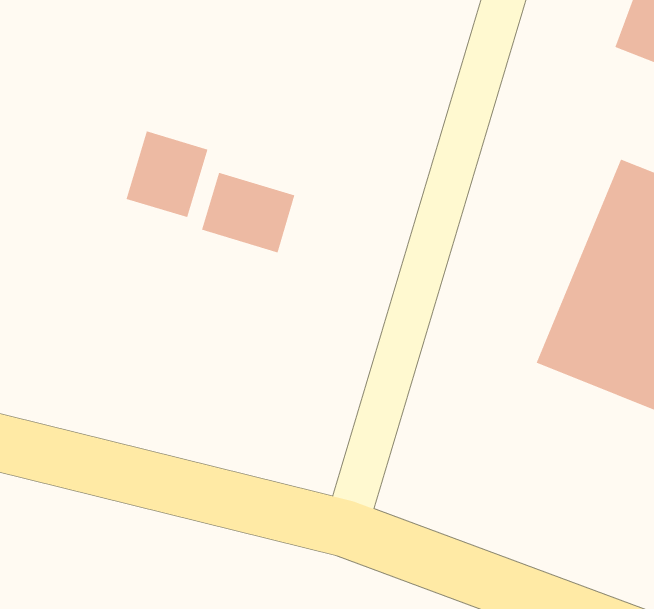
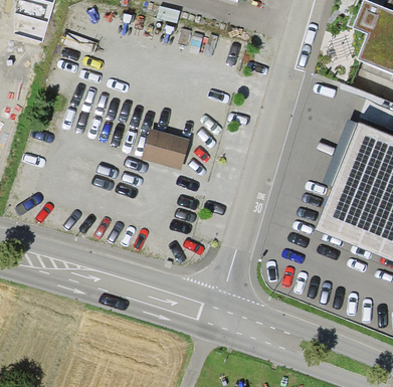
building: [126,130,208,218] -> none

